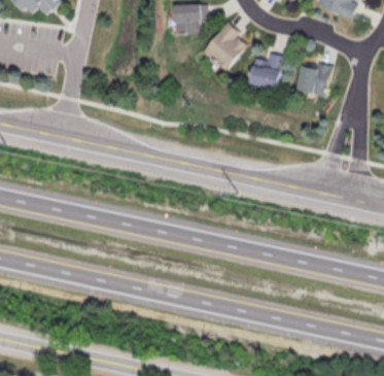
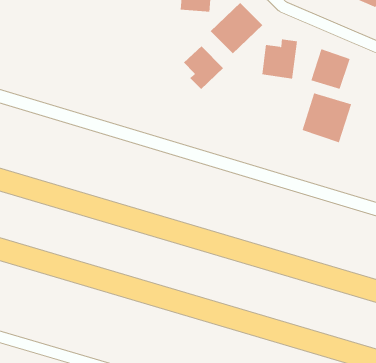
building: none -> [183,46,224,90]
building: none -> [302,92,352,143]

